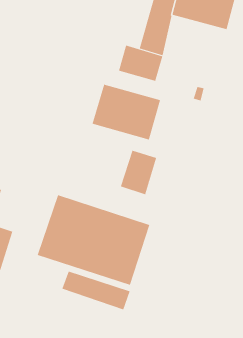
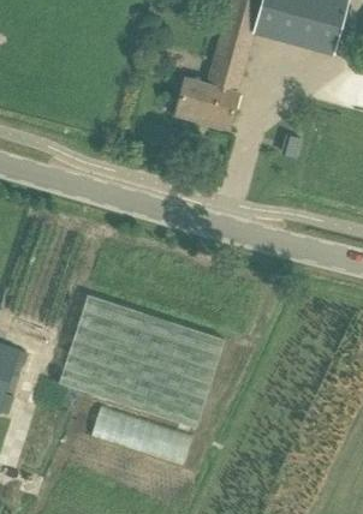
building: [92,84,161,140] -> none
building: [120,150,157,195] -> none

